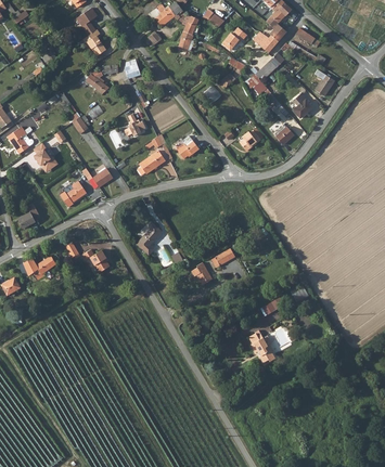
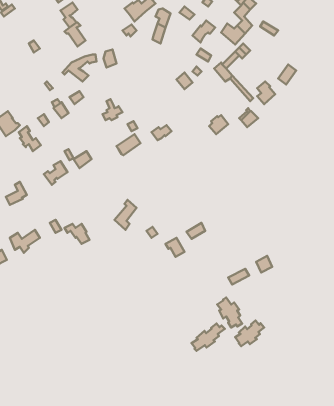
building: none -> [235,321,264,346]
building: none -> [192,324,225,351]

